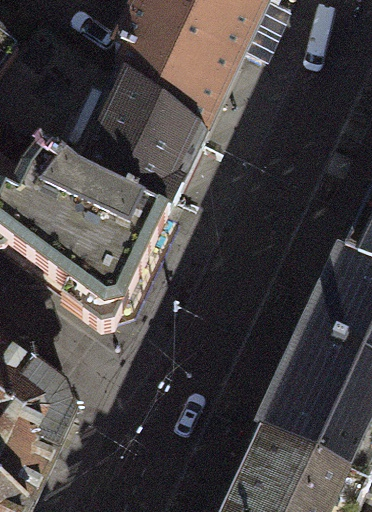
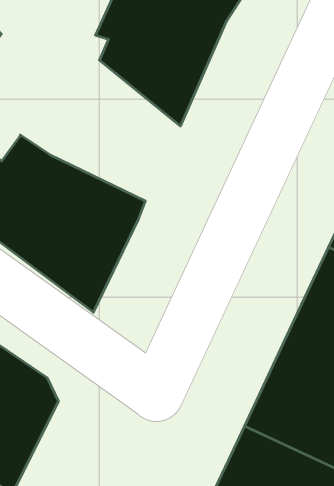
building: [69,66,199,207] -> none

